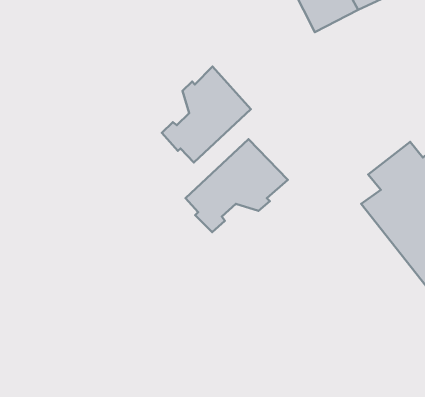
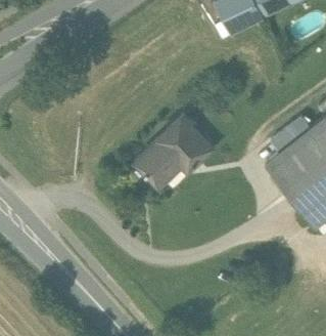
building: [162,66,251,162] -> none

